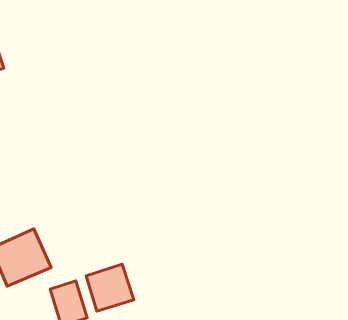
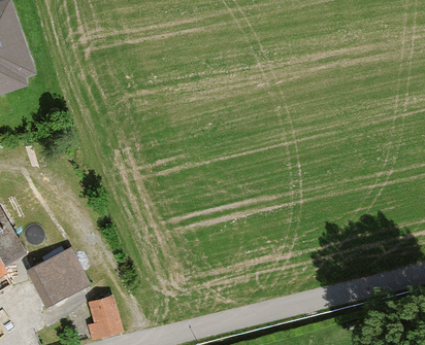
building: [86,264,134,311] -> none

